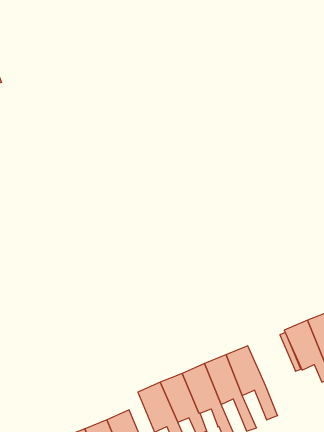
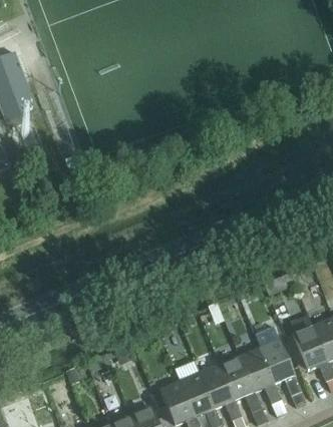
building: none -> [258,338,301,395]

